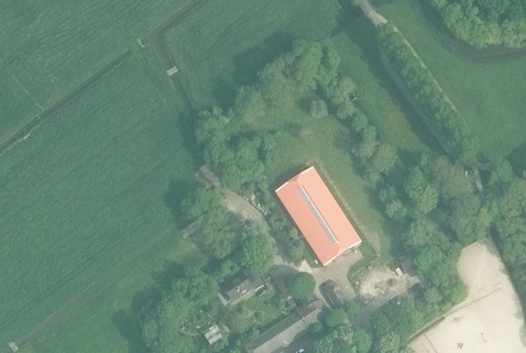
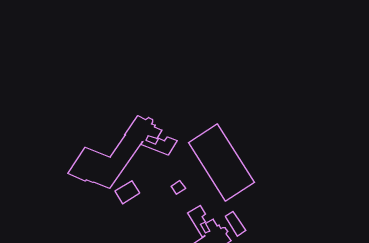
building: none -> [68,116,177,188]
building: [221,273,253,302] -> [115,181,140,204]

